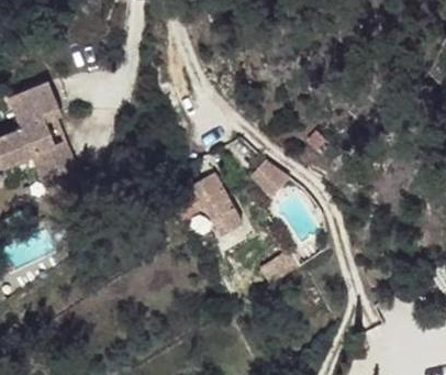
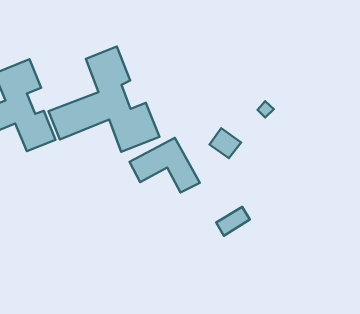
building: none -> [49,47,160,152]

